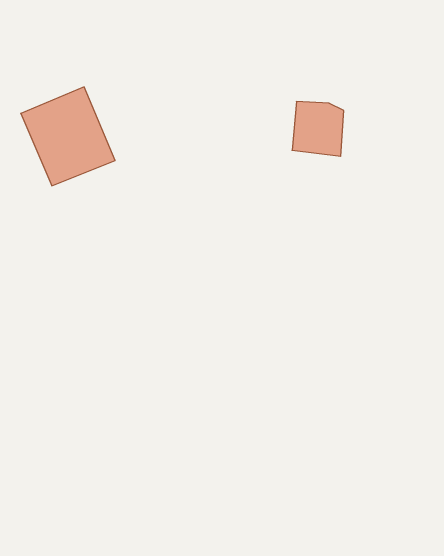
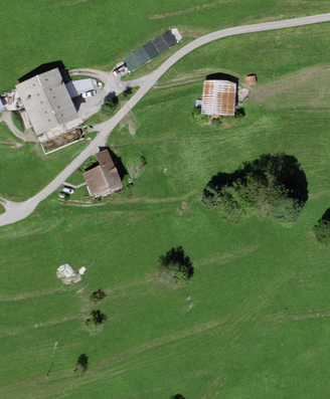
building: none -> [86,150,125,197]

